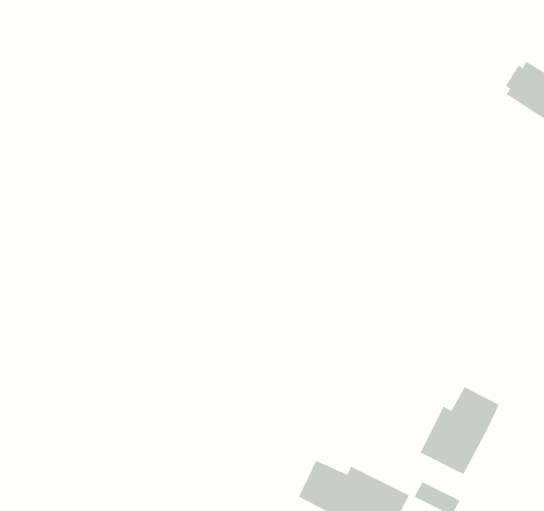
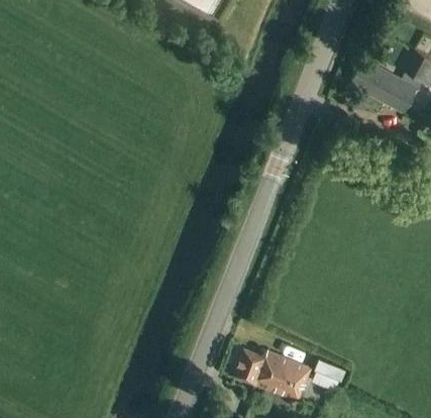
building: [420,386,499,475] -> none

